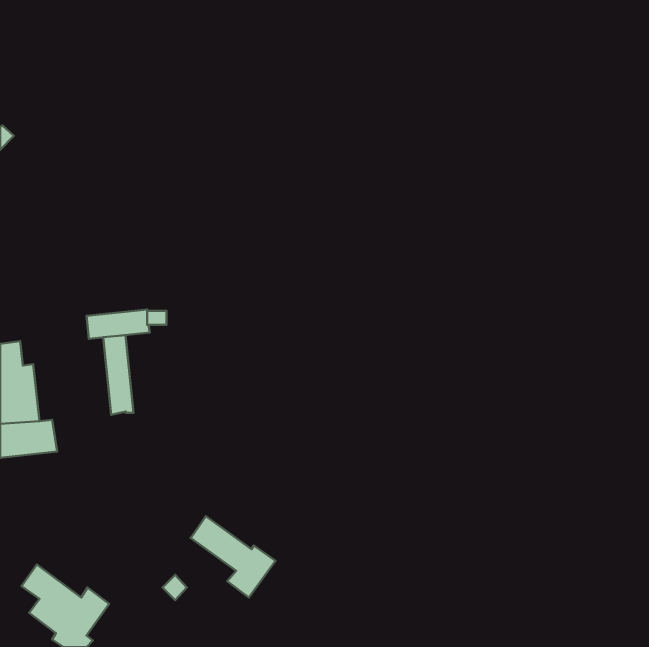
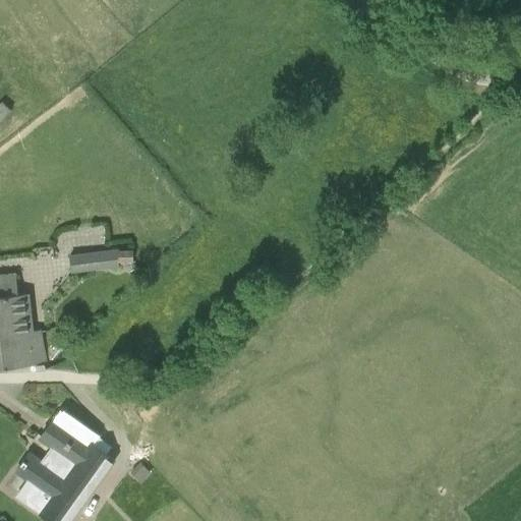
building: [103,335,134,415] -> none
building: [190,516,276,598] -> [41,419,109,484]

